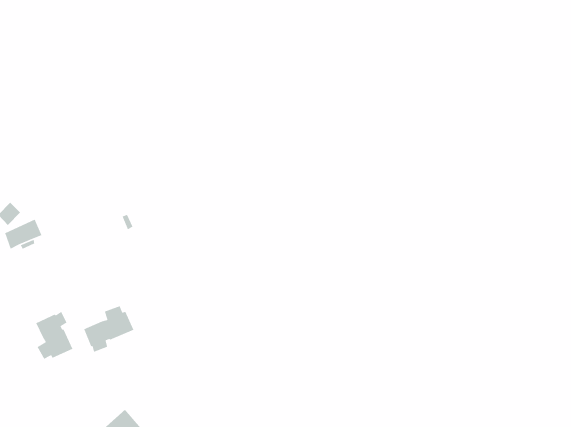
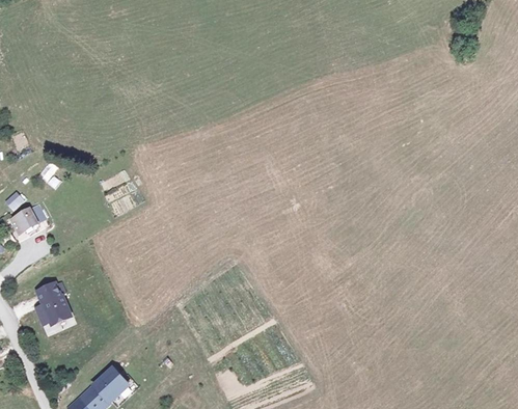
building: [83,305,134,353] -> none

